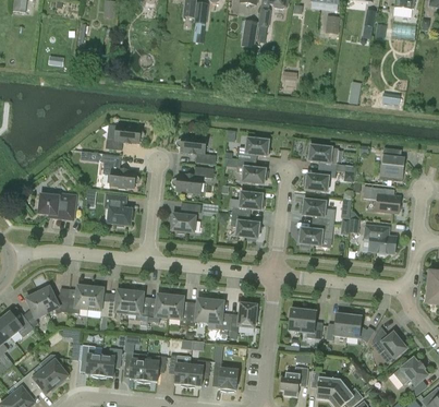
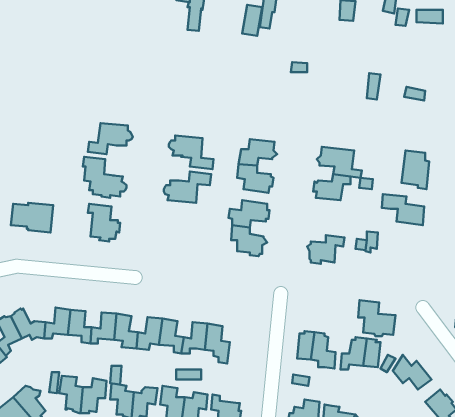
building: [301,199,331,224] -> none
building: [170,202,202,232] -> none
building: [364,223,397,254] -> [358,300,395,336]
building: [231,301,258,331] -> none

